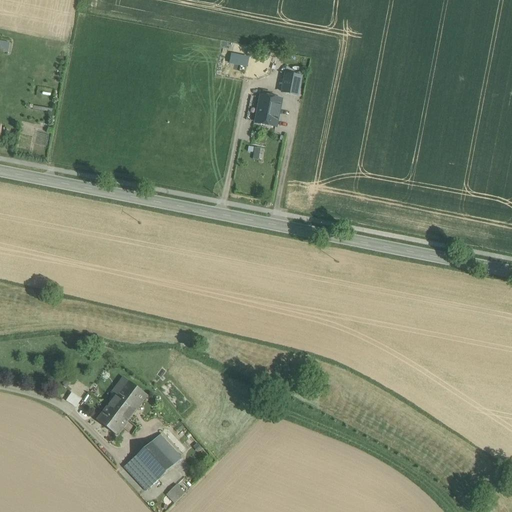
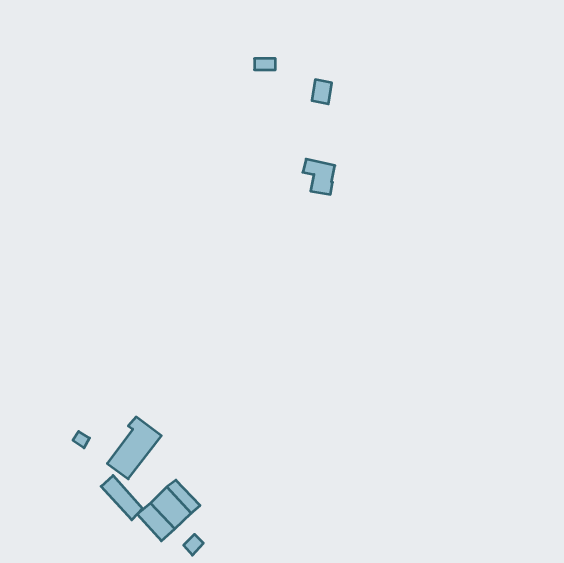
building: [252,89,281,121] -> [303,159,335,194]
building: none -> [101,475,143,520]

